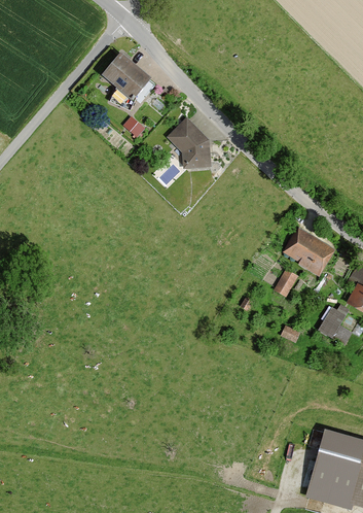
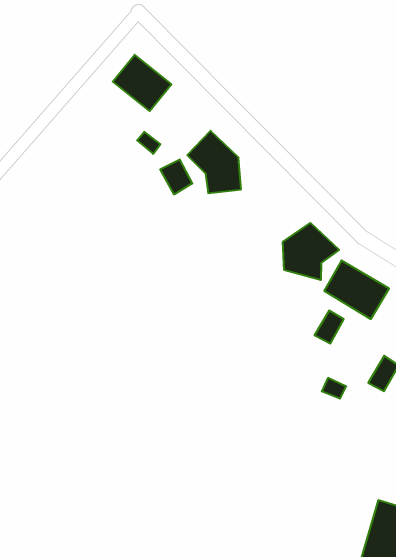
building: none -> [160,159,192,194]
building: none -> [283,223,339,280]

